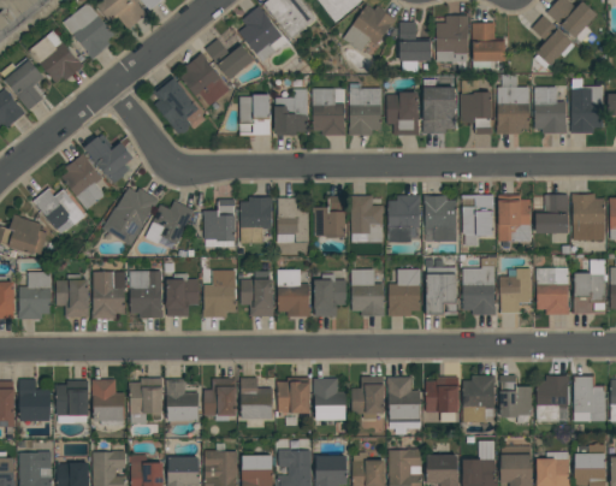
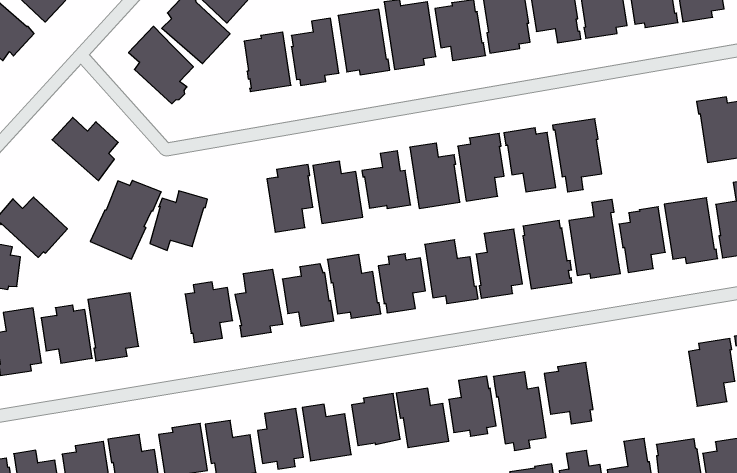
building: [61,153,106,209] -> none
building: [535,194,568,233] -> none
building: [498,195,531,242] -> none
building: [202,198,235,247] -> none
building: [129,271,162,318] -> none
building: [462,375,494,422] -> none
building: [499,375,532,417] -> none

